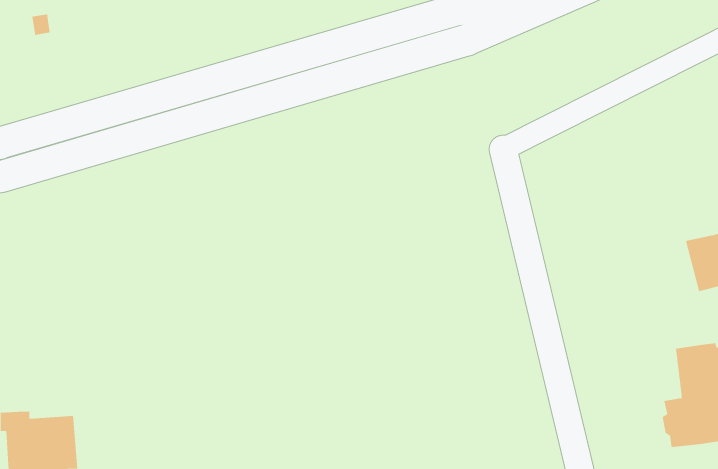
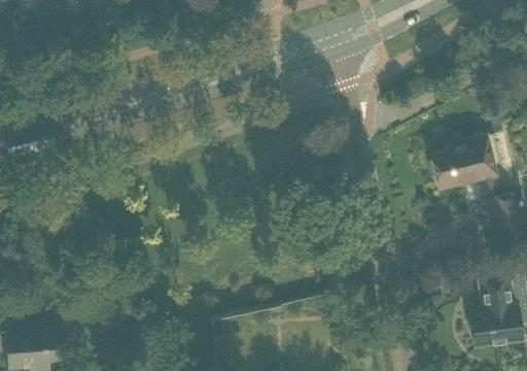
building: none -> [430,136,493,190]

